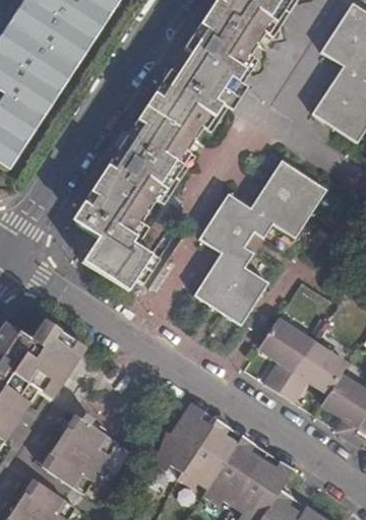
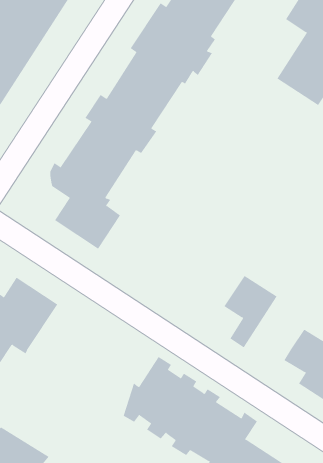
building: [193,159,325,324] -> none
building: [279,339,348,401] -> none
building: [35,408,118,494] -> none

